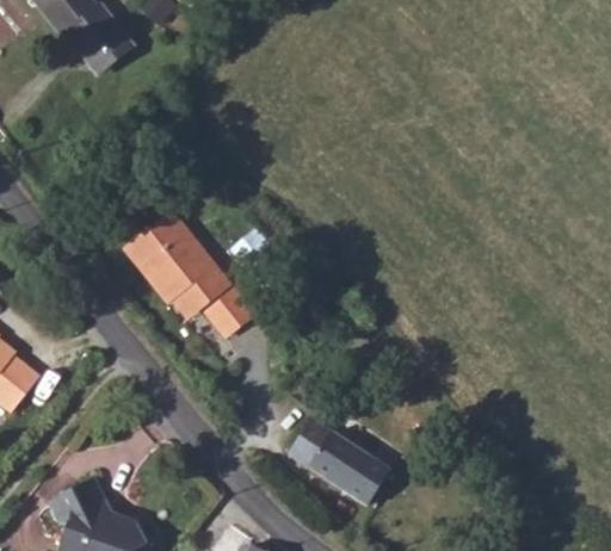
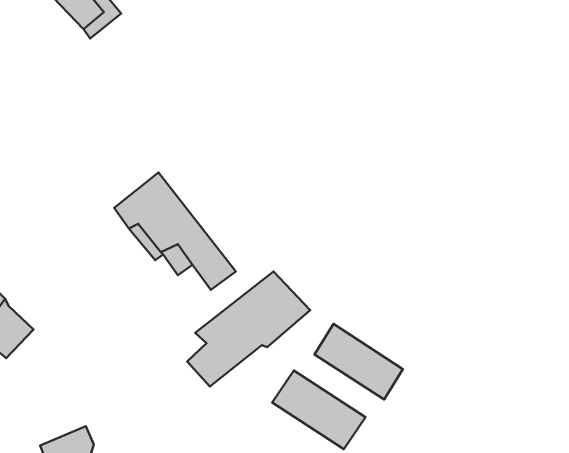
building: none -> [187,271,310,386]
building: none -> [315,324,403,400]

